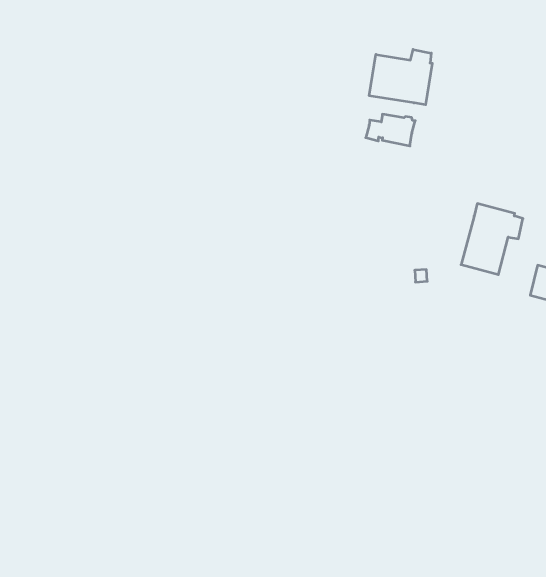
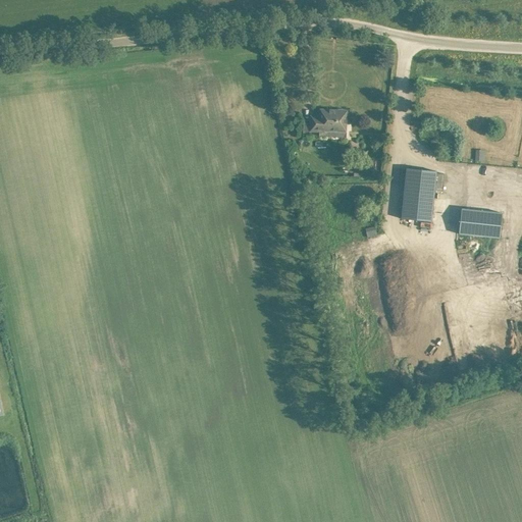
building: [369,49,432,105] -> none

